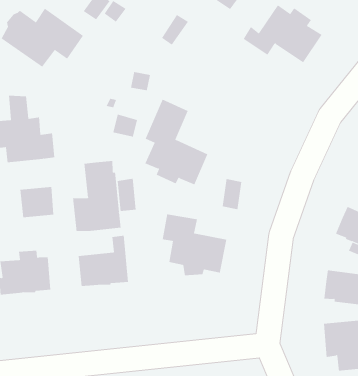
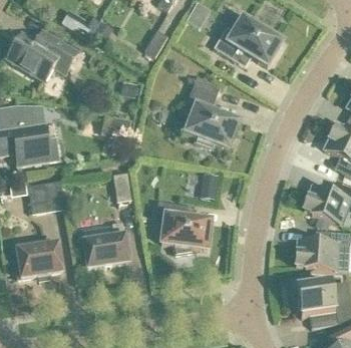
building: [145,99,208,185] -> [185,74,240,146]
building: [72,160,121,232] -> none

